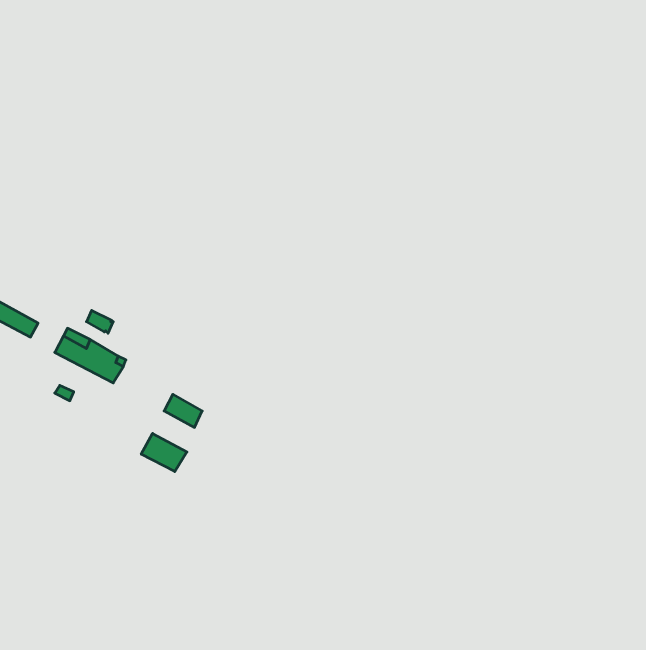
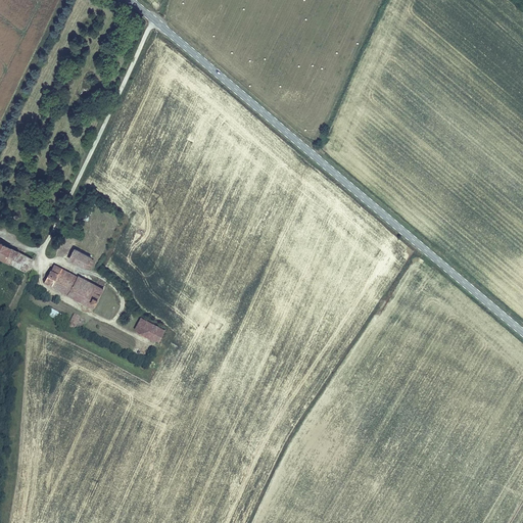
building: [141,433,187,472] -> none

